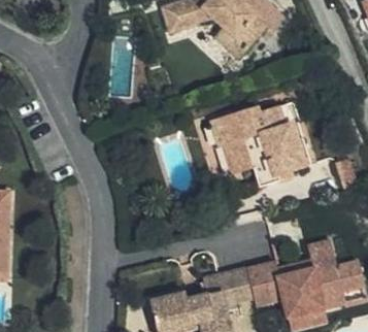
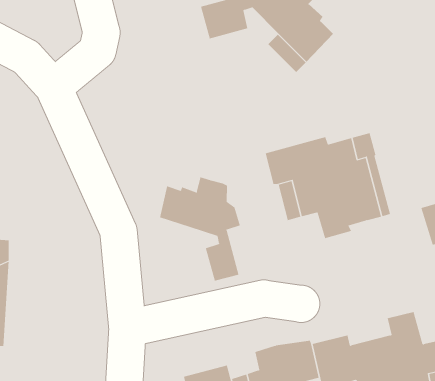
building: none -> [160,176,240,281]

